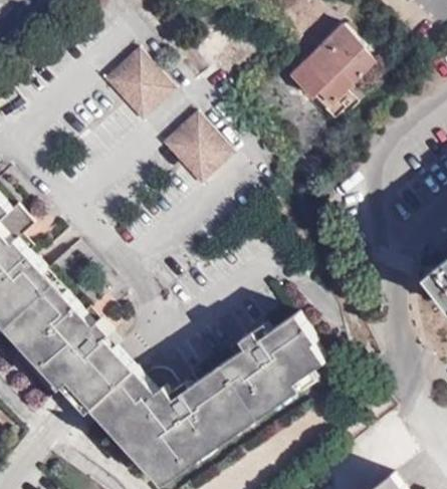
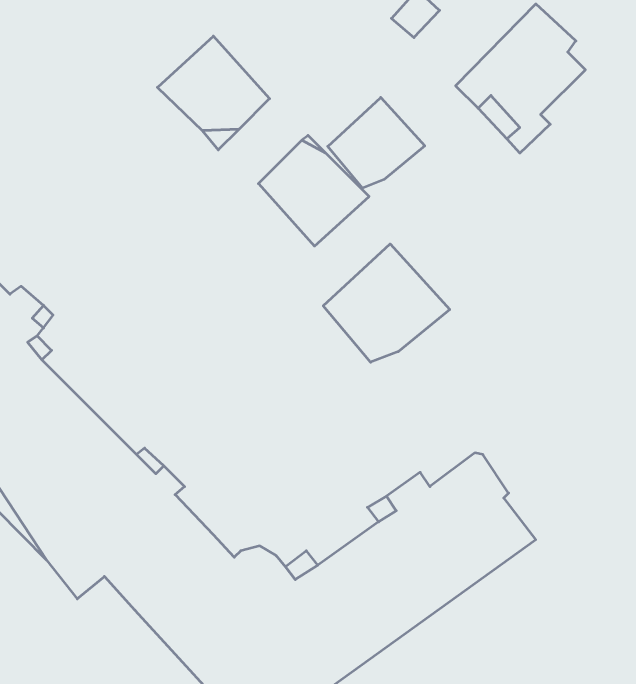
building: none -> [328,97,425,188]
building: none -> [323,244,450,362]

